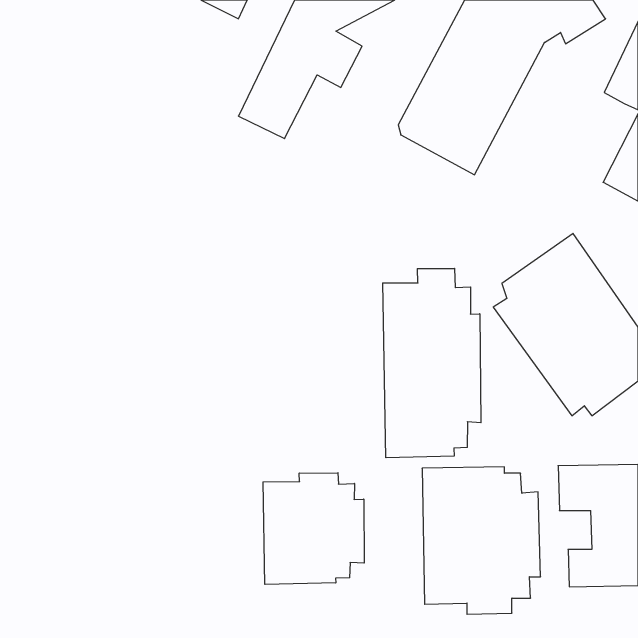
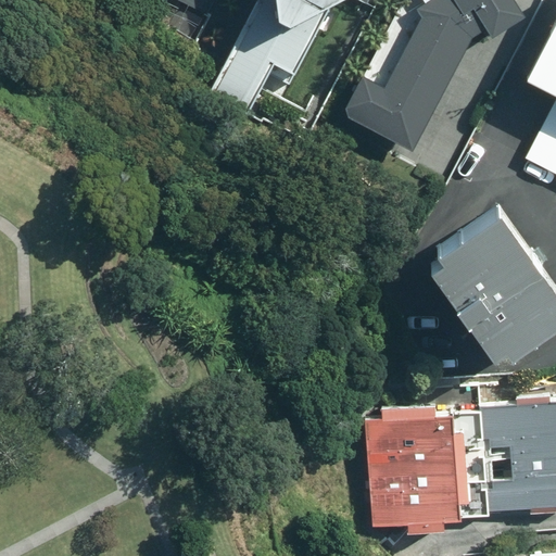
building: [383,268,481,458] -> none
building: [263,473,364,584] -> none

